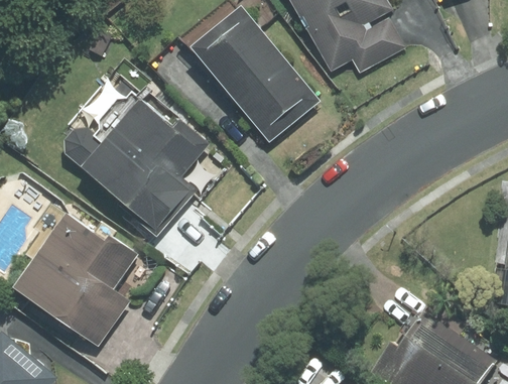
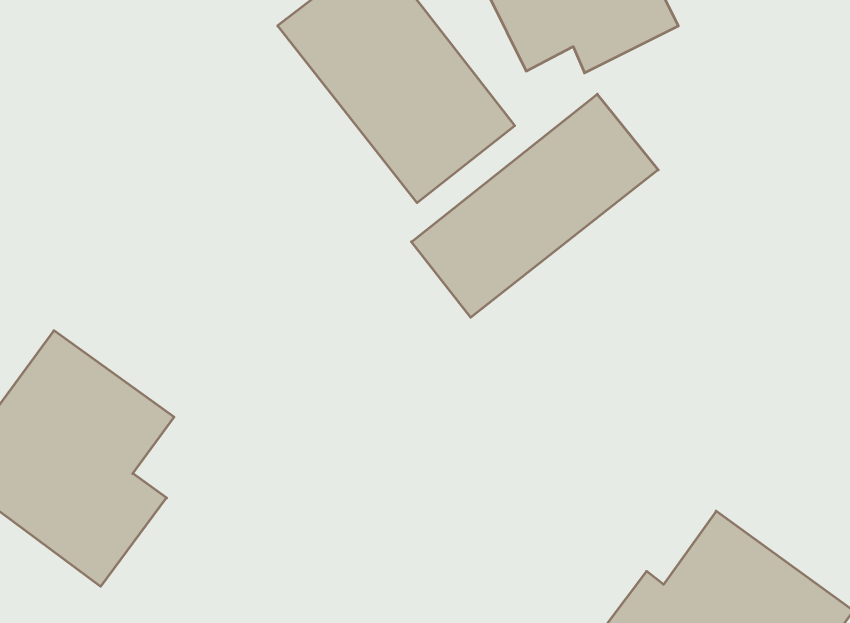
building: none -> [411,94,658,317]
building: [59,99,209,234] -> none

